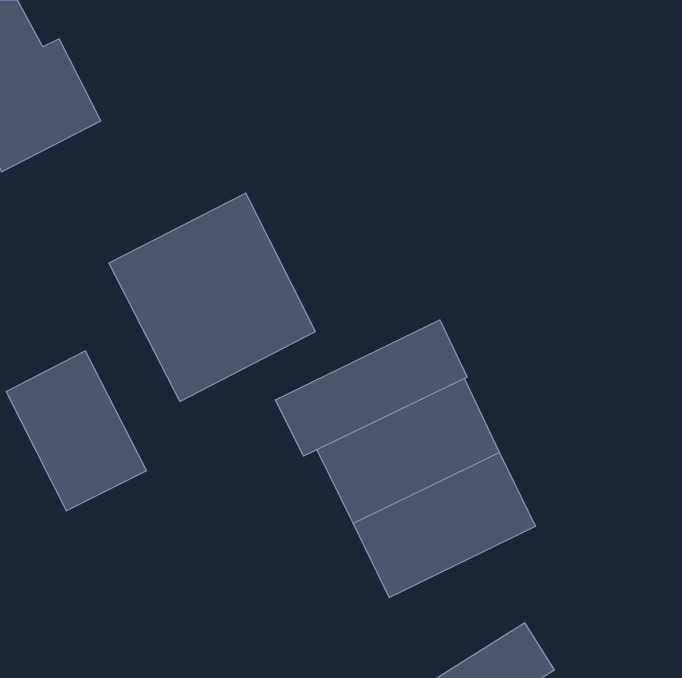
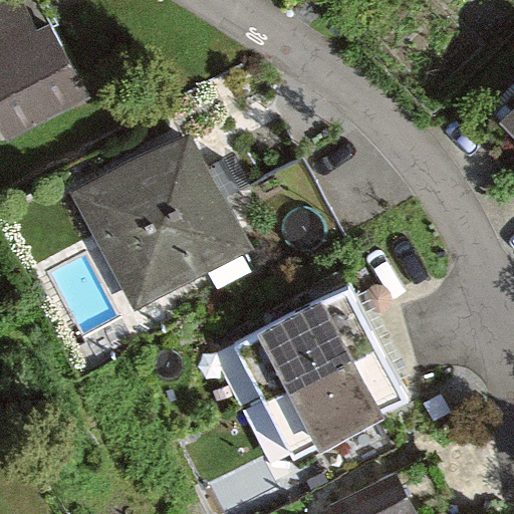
building: [275,320,467,456] -> none
building: [6,351,146,511] -> none

